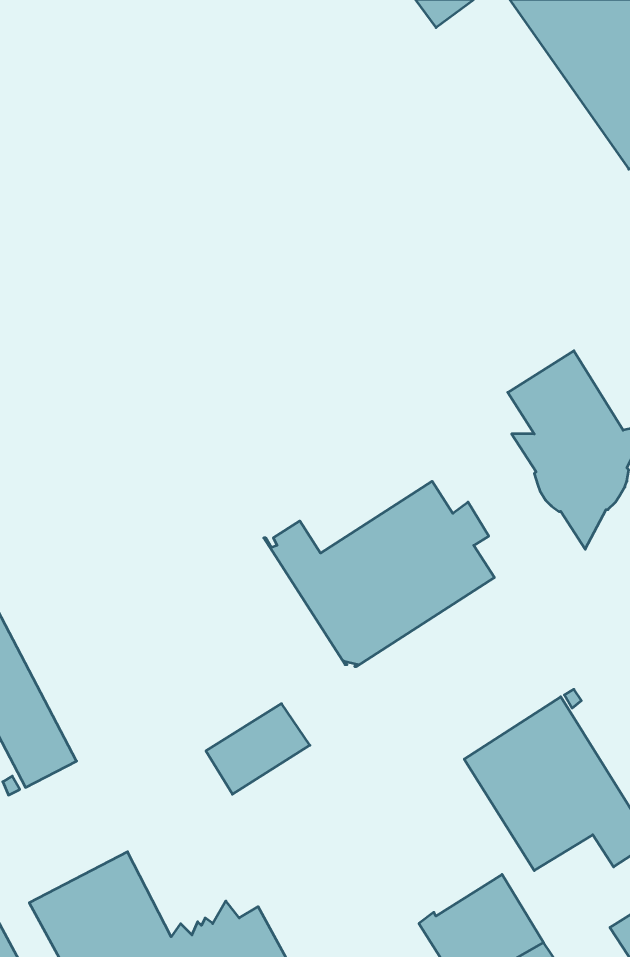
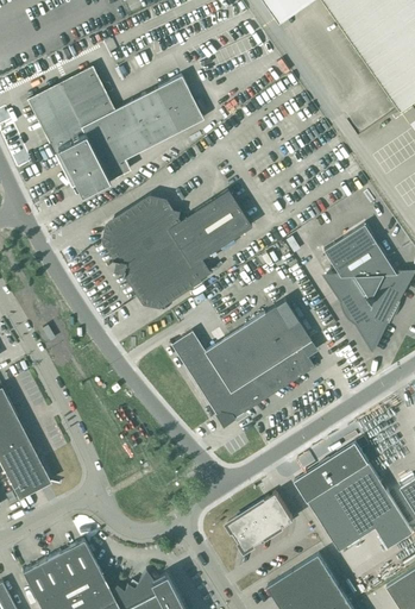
building: none -> [29,68,203,195]
building: none -> [103,190,251,307]
building: [206,704,310,794] -> [227,494,293,551]

